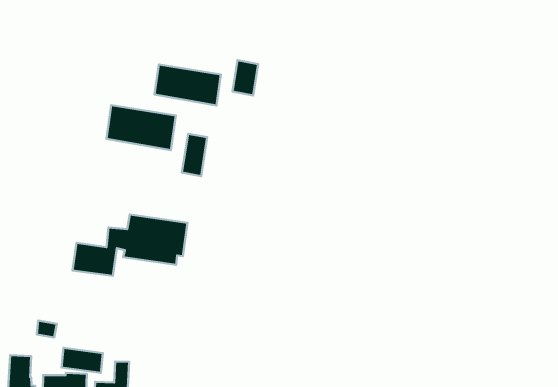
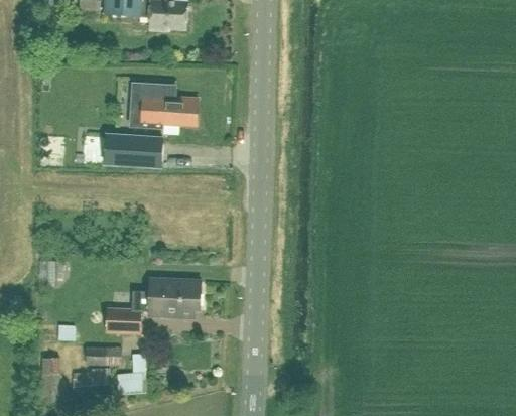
building: [233,60,258,95] -> none
building: [182,134,207,176] -> none
building: [72,214,188,276] -> [105,278,200,332]

